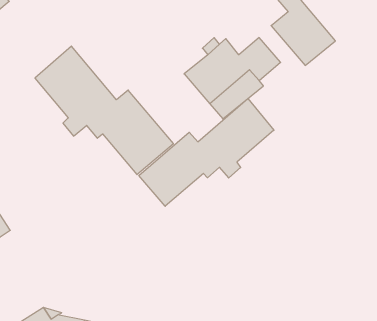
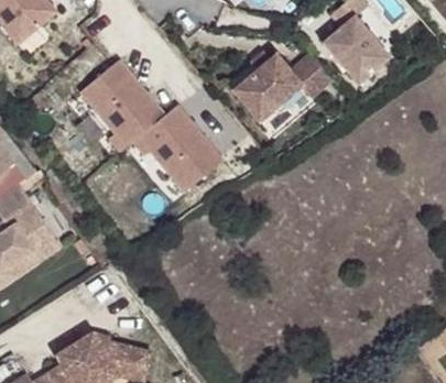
building: [139,99,274,206] -> none

